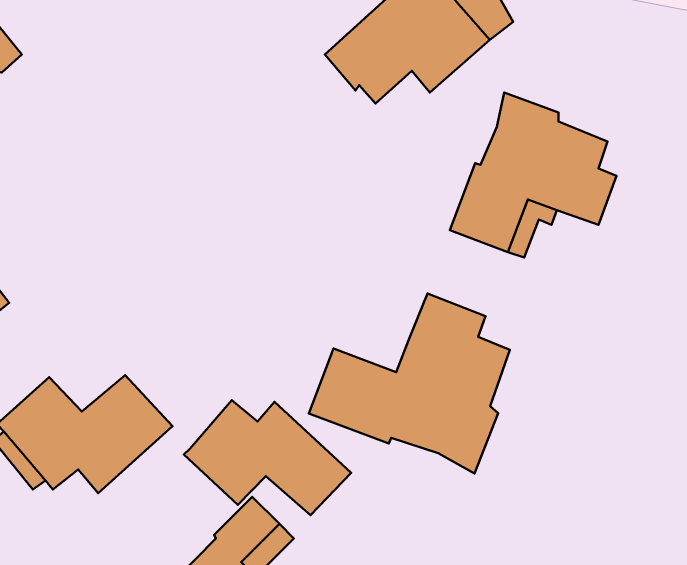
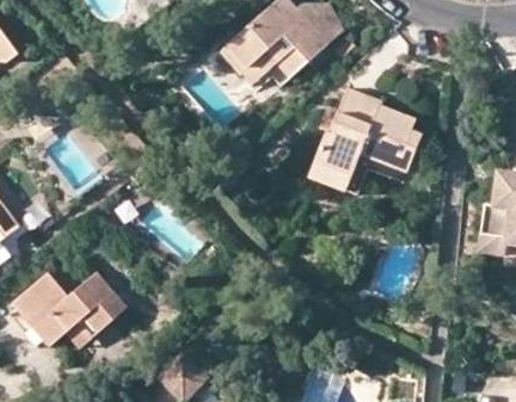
building: [309,294,510,474] -> none
building: [184,400,351,515] -> none

